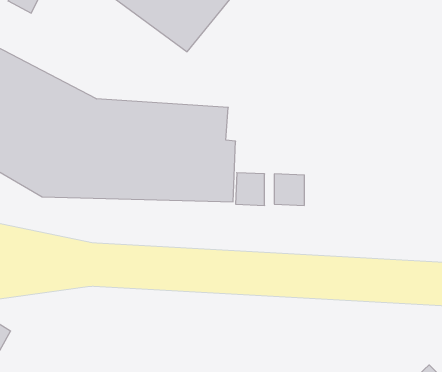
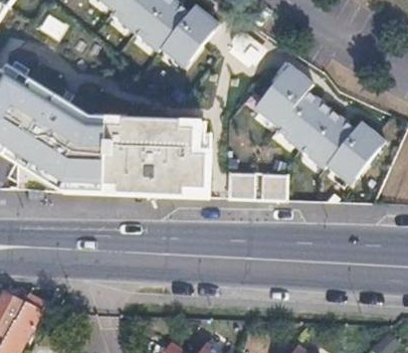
building: none -> [250,63,388,185]

